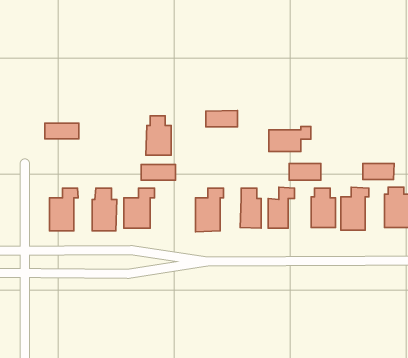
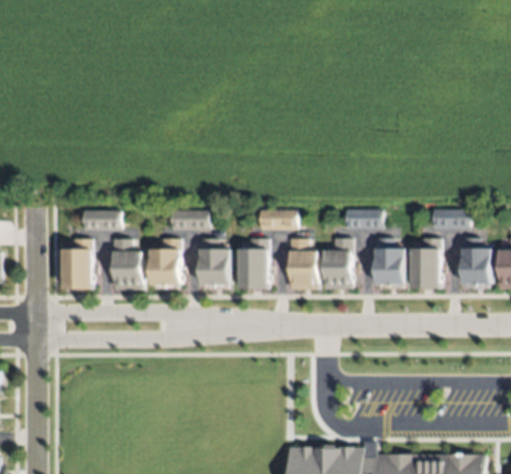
building: [206,110,237,127] -> [260,210,297,230]
building: [146,116,171,155] -> [200,239,230,286]
building: [45,123,79,139] -> [82,212,122,231]
building: [269,126,311,152] -> none

